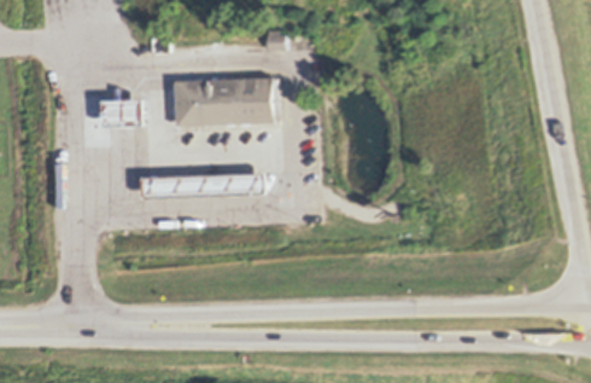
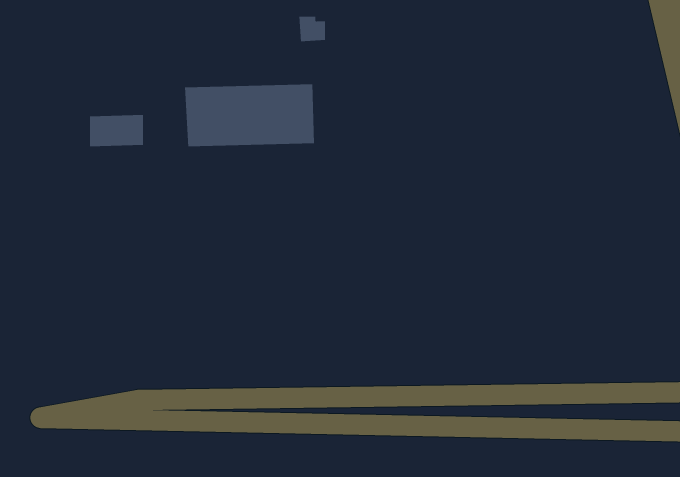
building: [144,174,265,197] -> none

